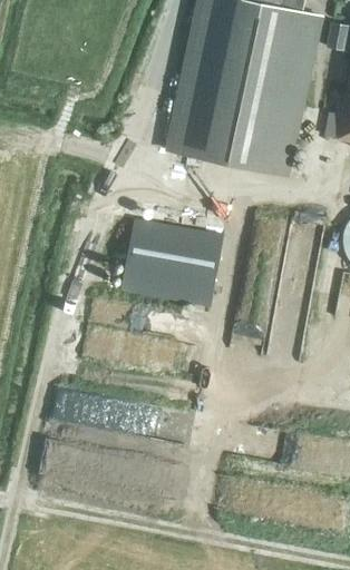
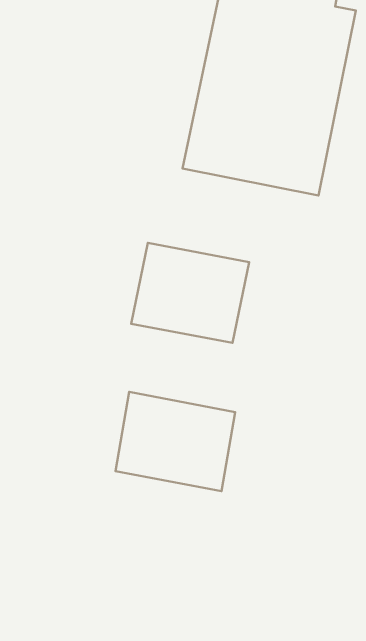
building: none -> [115,392,235,491]

